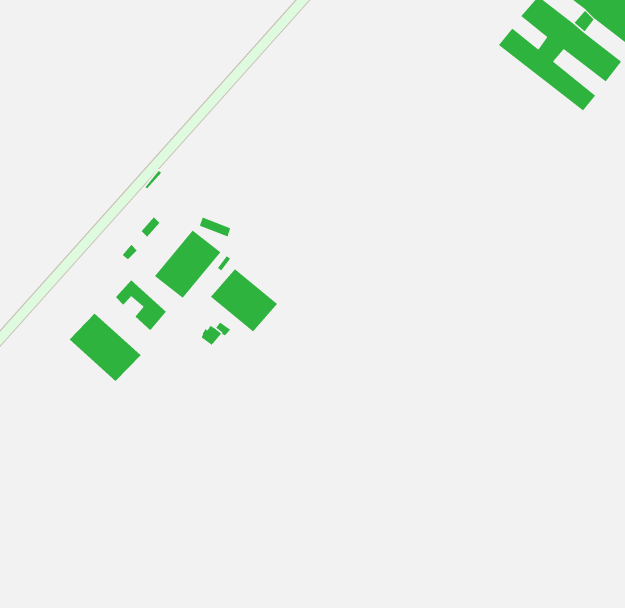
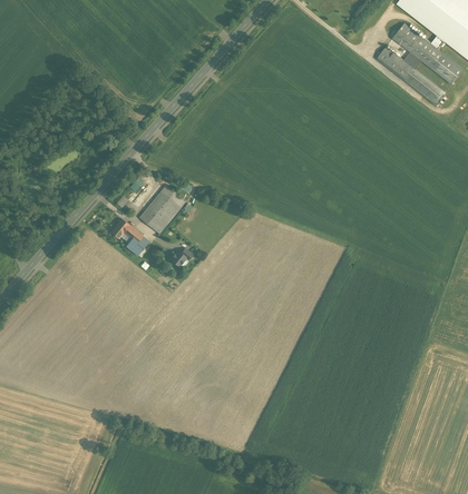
building: [210,268,278,333] -> none
building: [69,313,141,382] -> none

